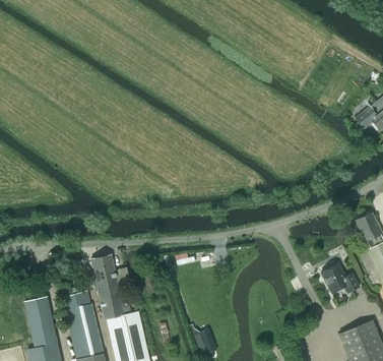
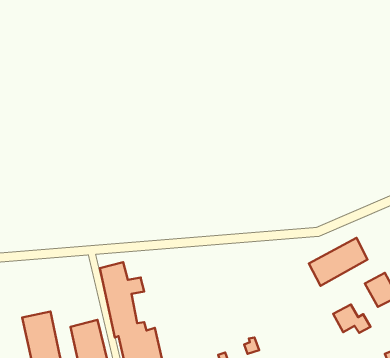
building: none -> [309,238,368,286]
building: none -> [333,304,371,333]

